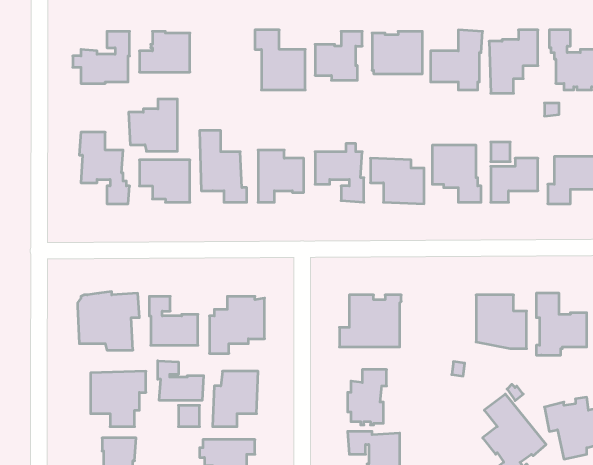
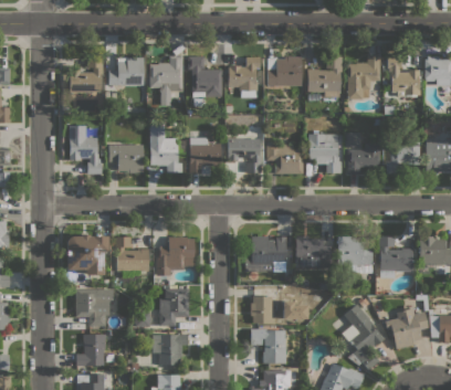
building: [129,99,177,151] -> [149,56,182,92]
building: none -> [296,235,333,268]
building: [158,361,204,400] -> none

